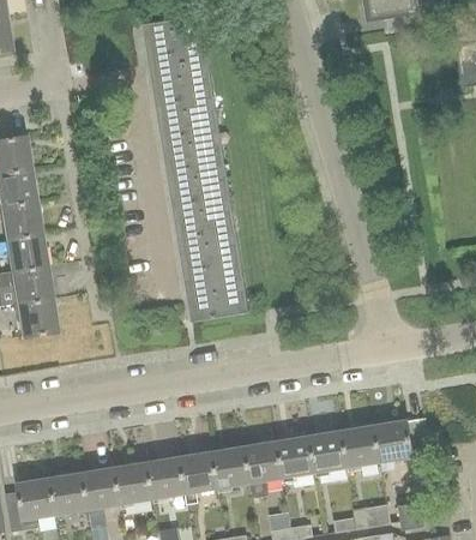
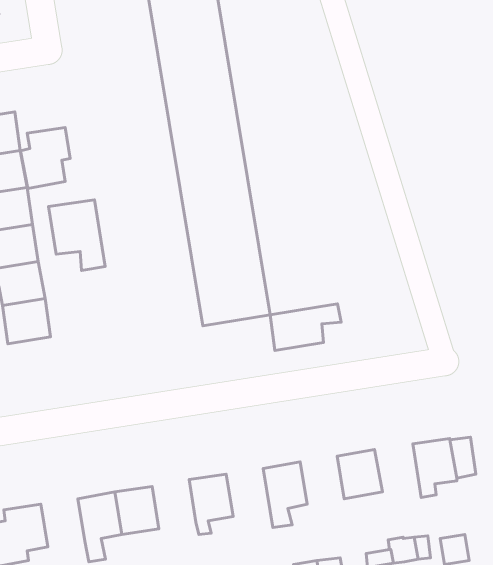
building: none -> [20,127,70,189]
building: none -> [48,200,105,271]
building: none -> [270,304,341,351]
building: [342,425,381,467] -> none
building: [277,436,315,478] -> none
building: [212,446,251,488] -> none
building: [147,456,186,499] -> none
building: [50,473,89,515] -> none

